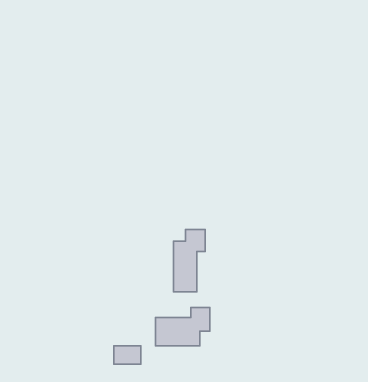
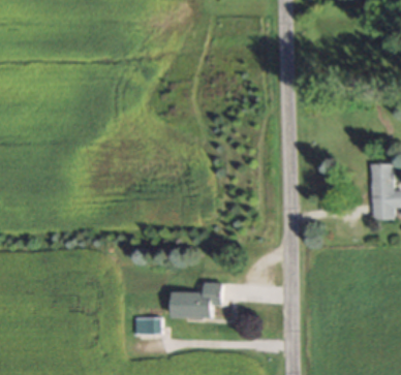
building: [173,229,205,292] -> none

